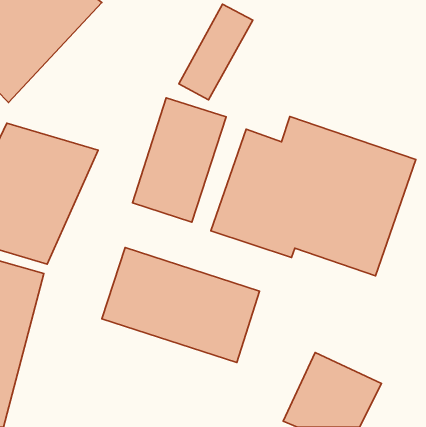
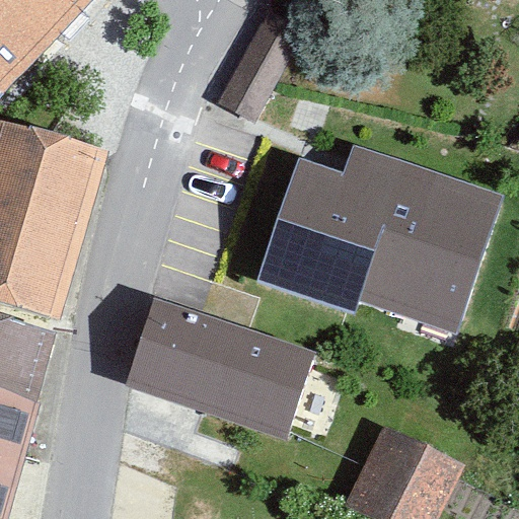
building: [133,98,226,222] -> none

